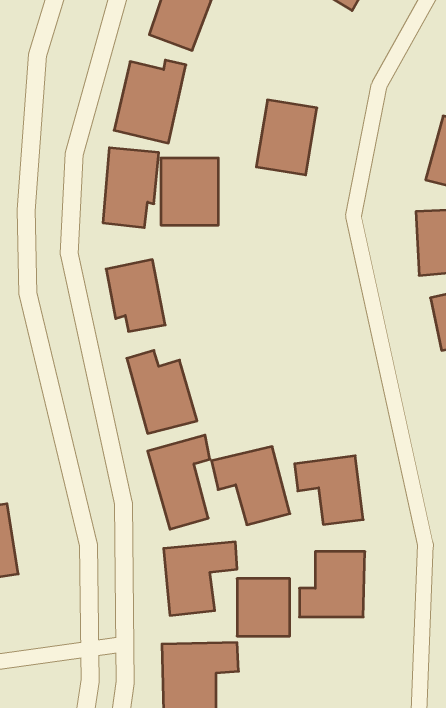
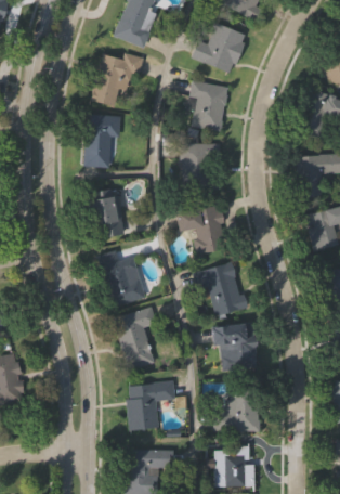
building: none -> [192,23,248,74]
building: [161,158,218,225] -> [182,144,221,190]
building: none -> [178,204,230,255]
building: [212,447,290,525] -> [194,262,247,315]
building: [237,579,290,636] -> [217,448,252,487]

